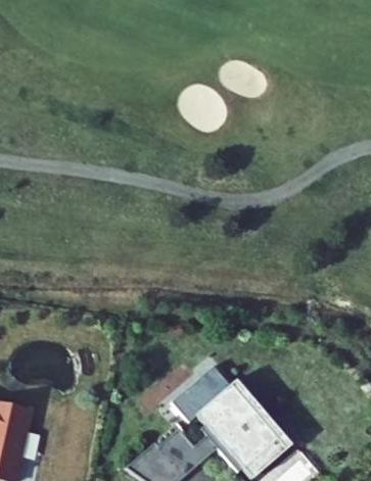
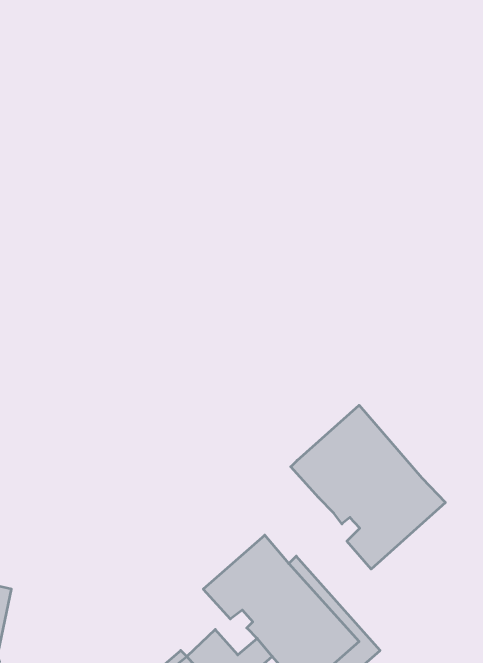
building: none -> [291,405,445,569]

